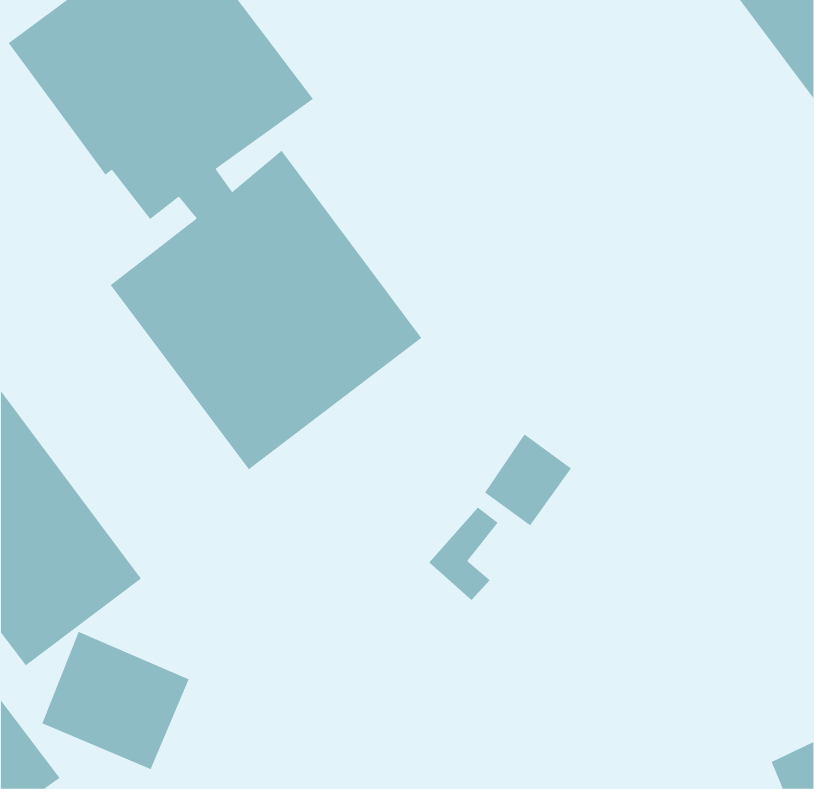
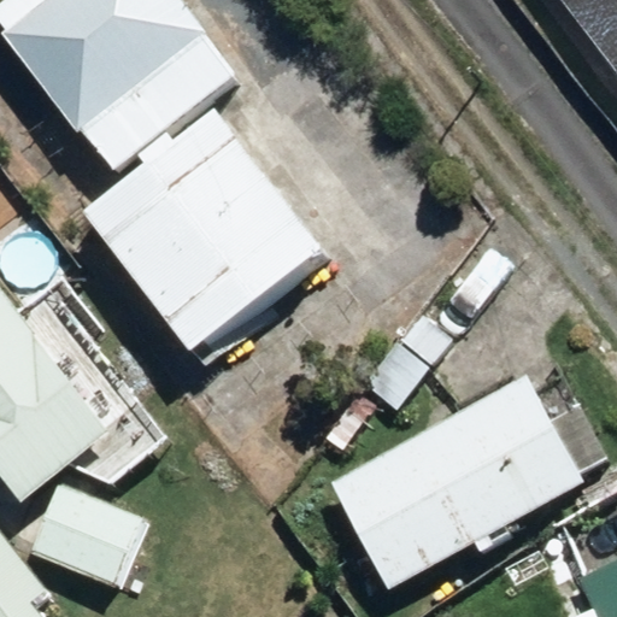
building: none -> [331,375,583,588]

